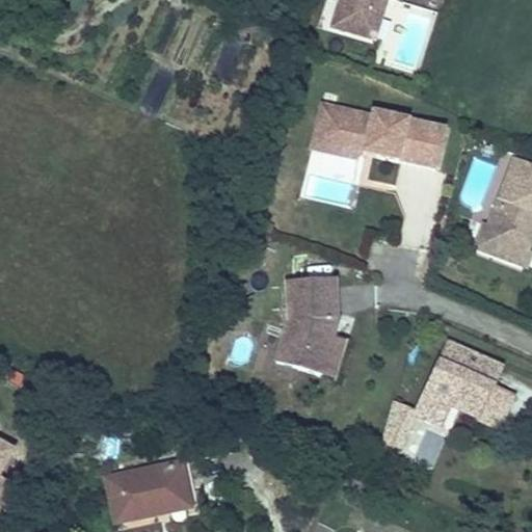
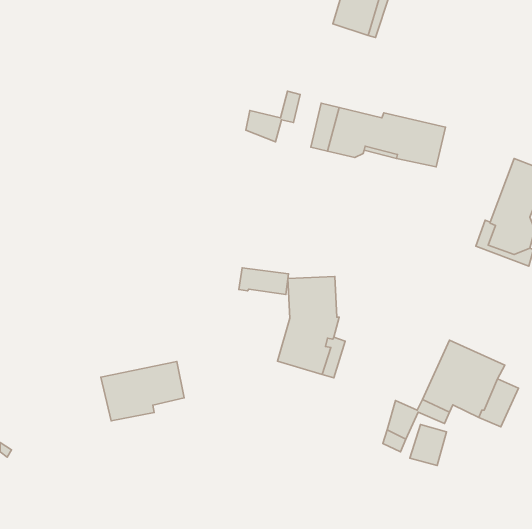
building: none -> [246,91,300,142]
building: none -> [239,268,289,295]
building: [106,460,189,520] -> [101,361,184,421]

